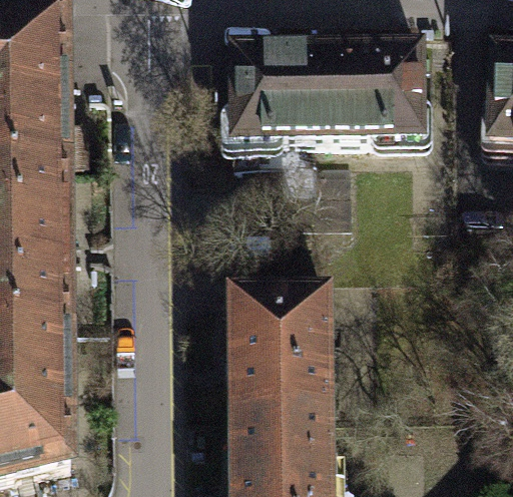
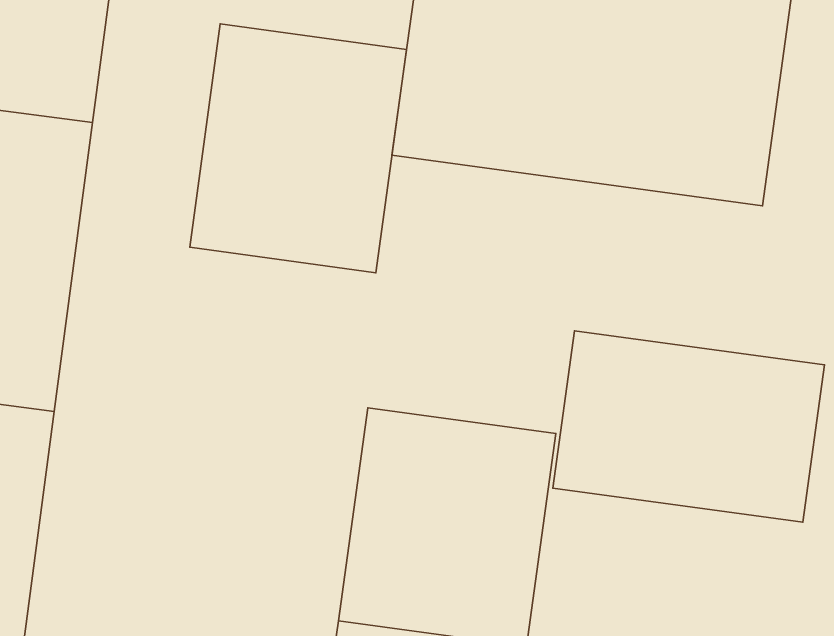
building: none -> [190,24,406,273]
building: none -> [553,331,825,522]

